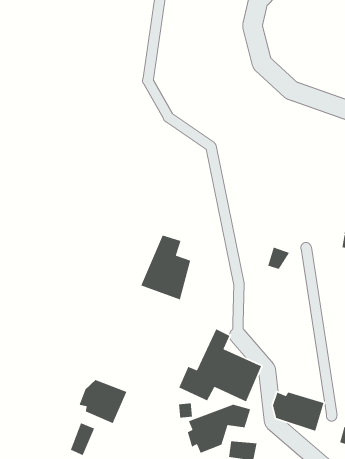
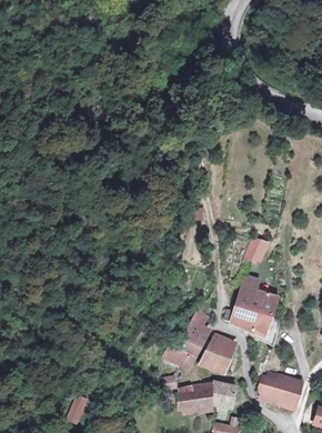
building: [140,235,191,300] -> [225,272,272,332]
building: [78,379,127,424] -> none

